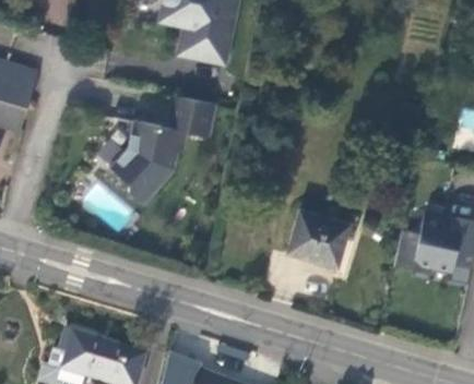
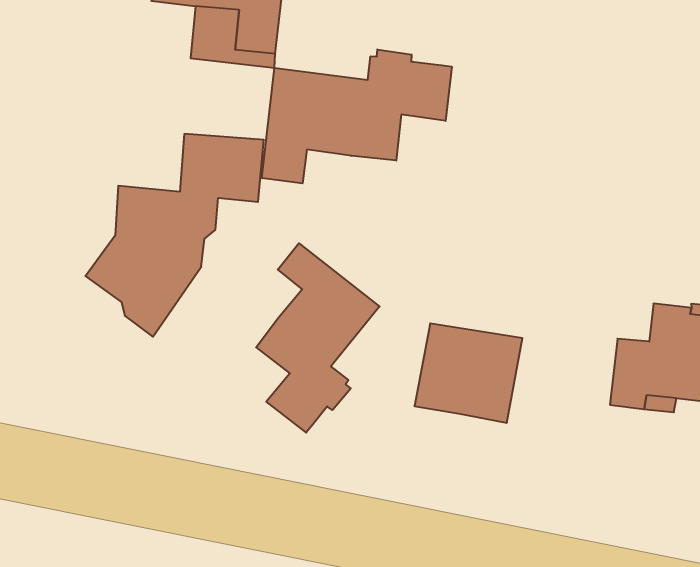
building: none -> [262,49,452,183]
building: none -> [256,243,380,433]

